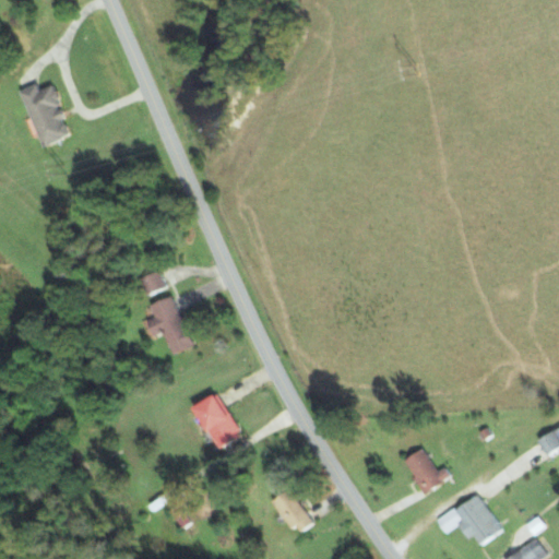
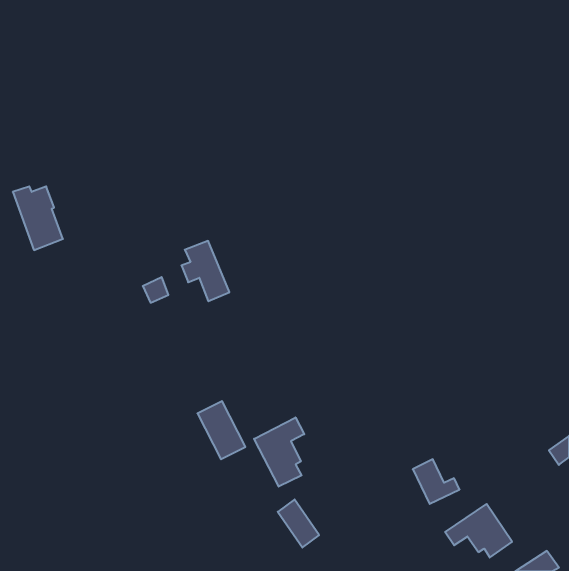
building: [20,85,69,147] -> [13,186,63,250]
building: [145,297,192,356] -> [181,241,229,301]
building: none -> [254,417,304,487]

